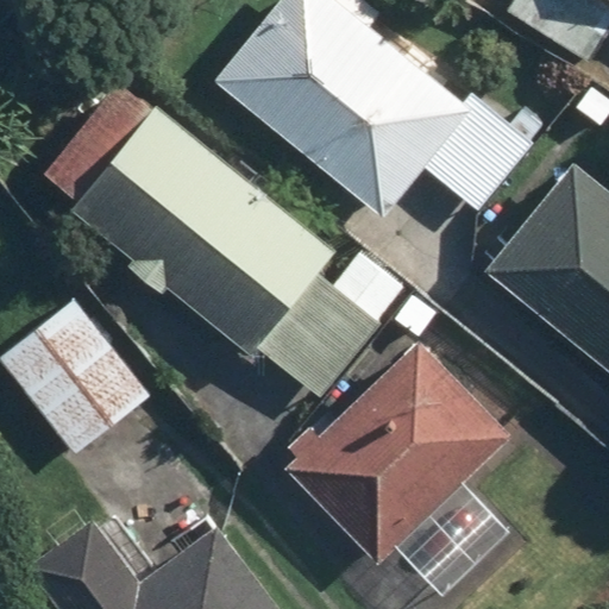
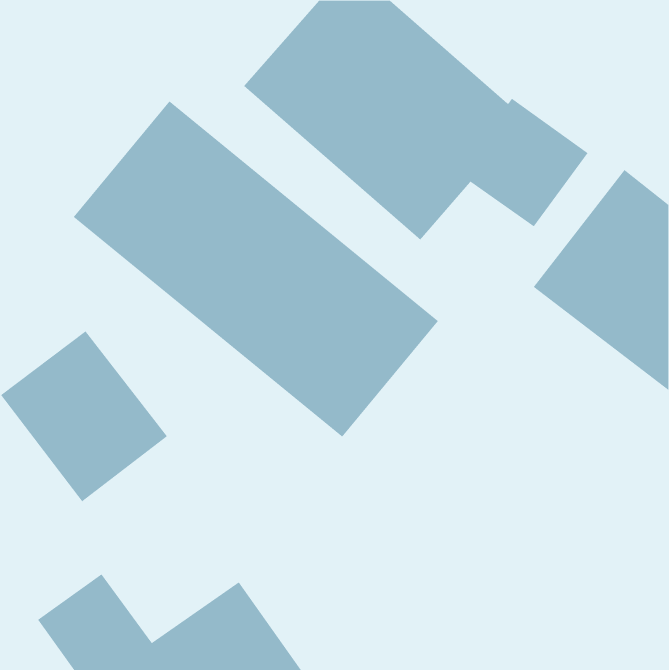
building: [285,346,507,566] -> none

